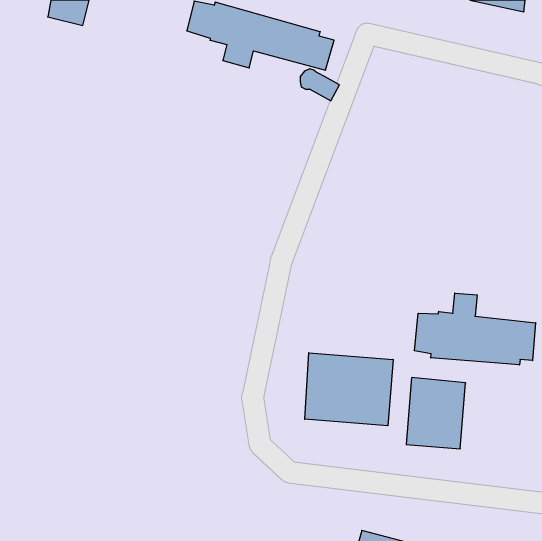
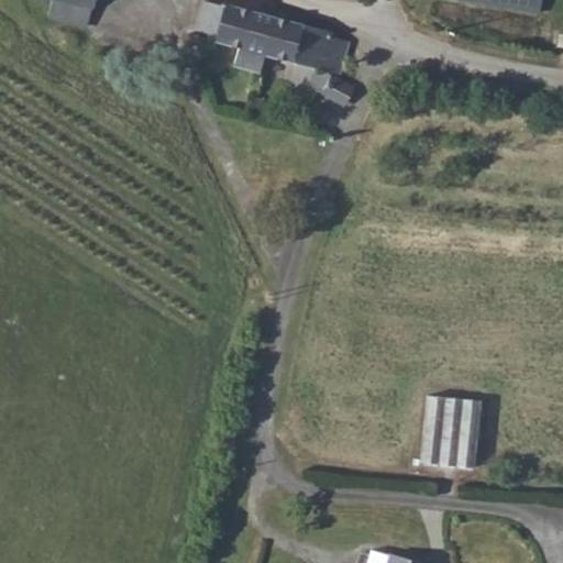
building: [414,293,536,365] -> none
building: [305,353,393,426] -> none

